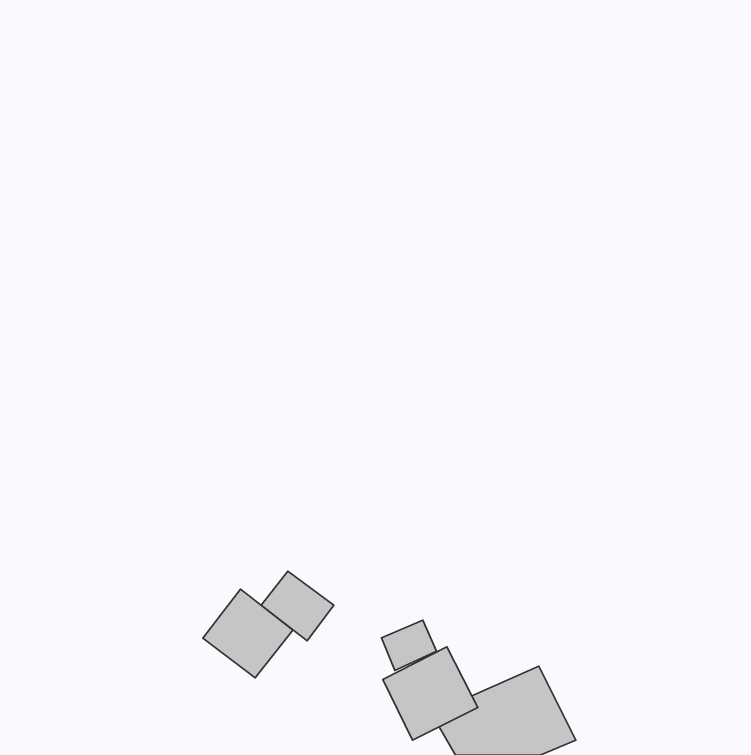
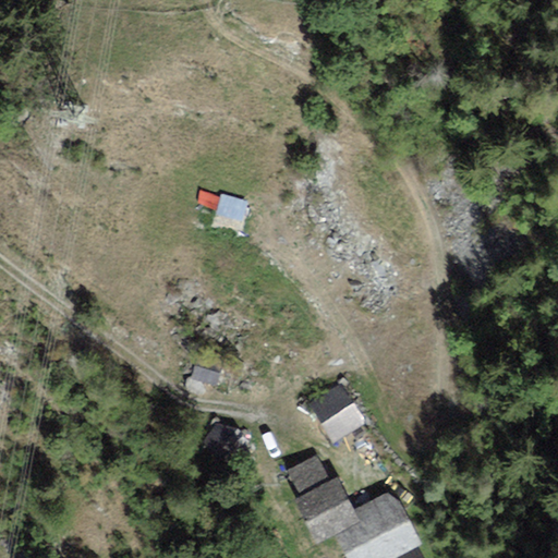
building: none -> [310,381,367,442]
building: [203,589,293,678] -> none

